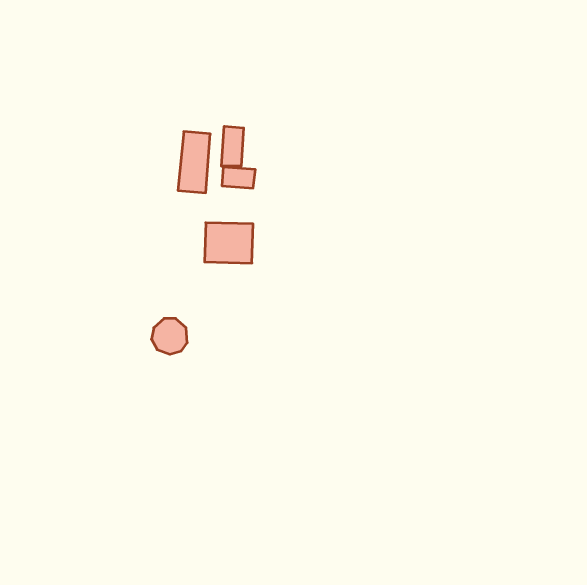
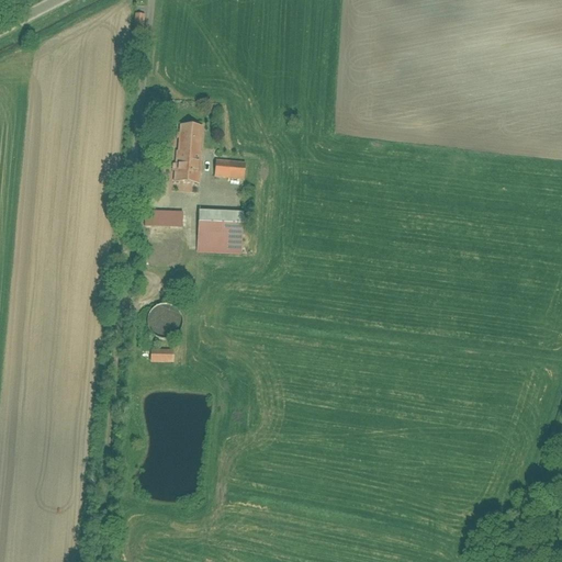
building: [221,126,244,166] -> none
building: none -> [146,209,182,225]

